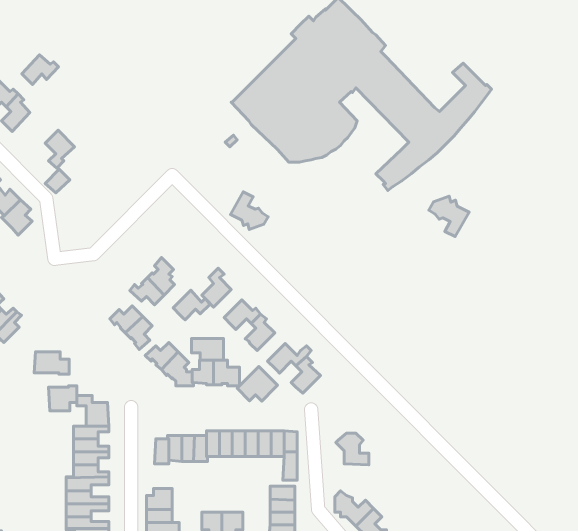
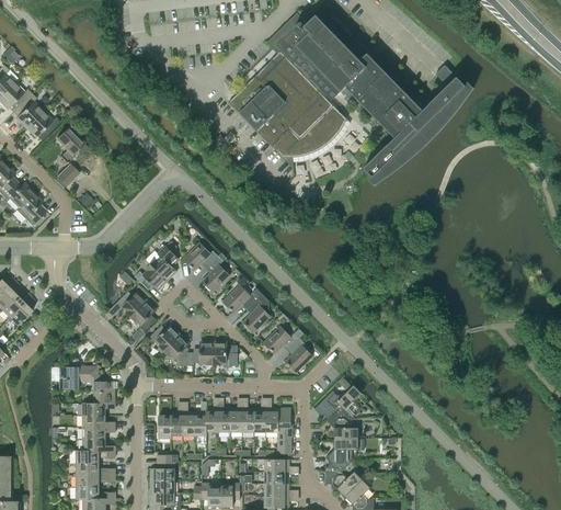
building: [22,55,58,84] -> [25,112,59,139]
building: [231,192,268,229] -> none
building: [429,196,469,237] -> none
building: [173,290,210,320] -> [183,243,217,271]
building: [191,339,224,360] -> none
building: [34,352,69,374] -> none
building: [237,366,278,401] -> none
building: none -> [314,386,360,417]
building: none -> [327,439,357,471]

